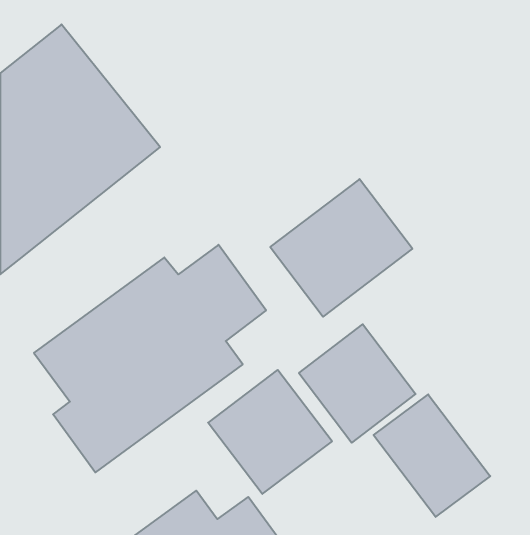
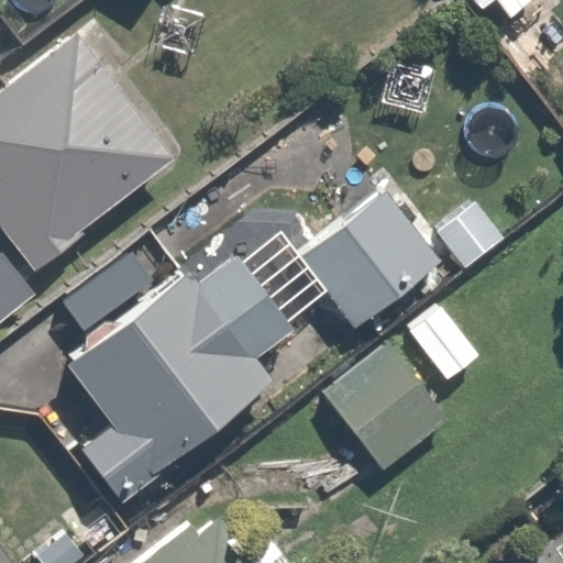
building: [208,370,332,494] -> none
building: [374,394,490,517] -> none

